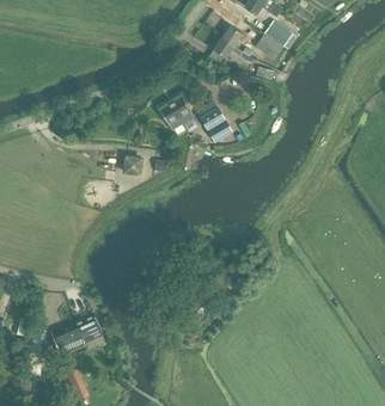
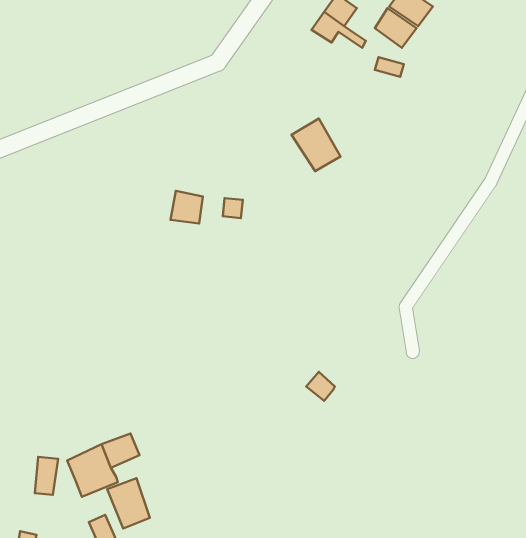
building: [160,96,195,135] -> none
building: none -> [107,478,150,529]

